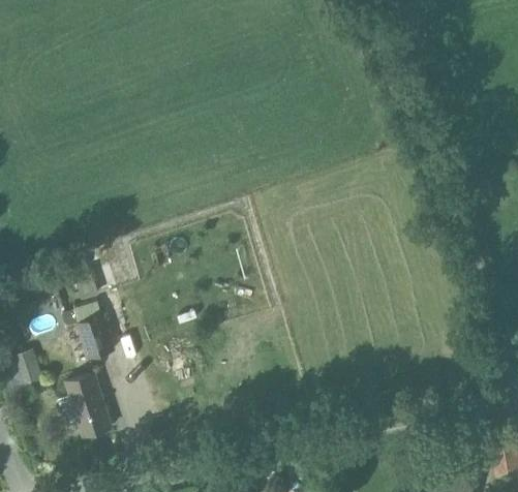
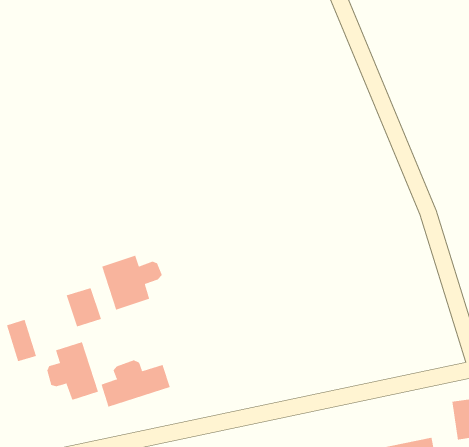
building: none -> [101,255,163,311]
building: none -> [101,360,170,407]

